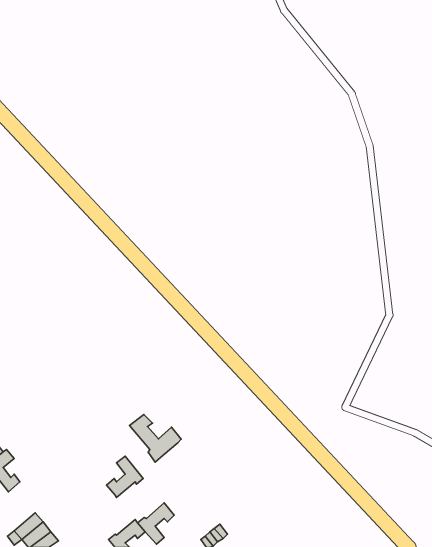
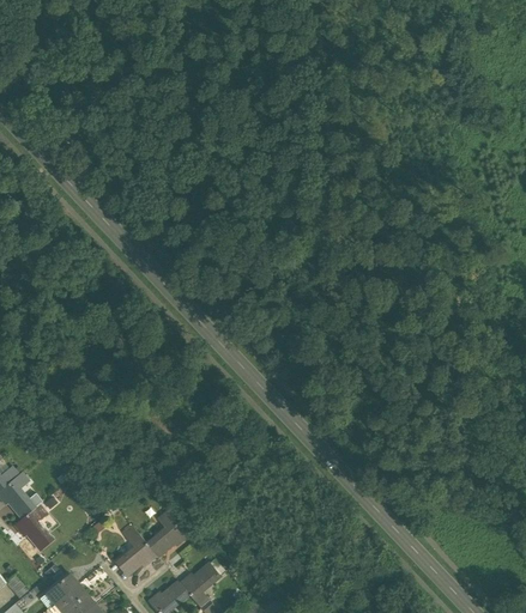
building: [129,414,181,462] -> none
building: none -> [115,530,156,575]

